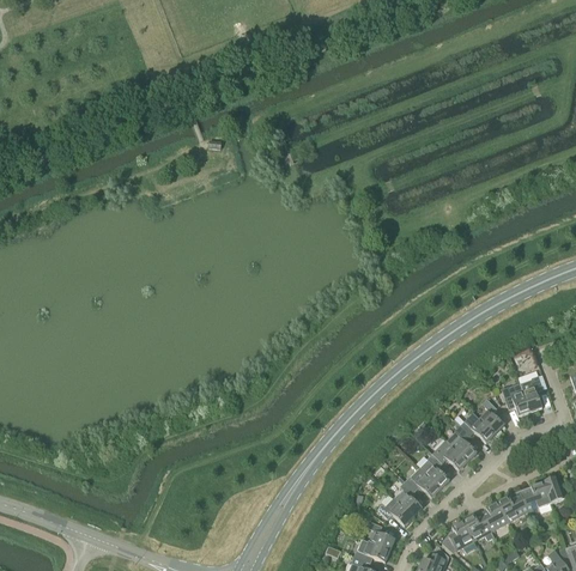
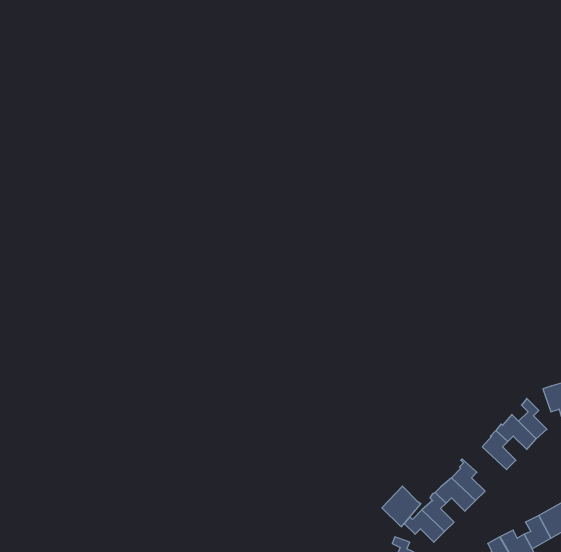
building: [432,438,469,469] -> none
building: none -> [382,486,421,527]

